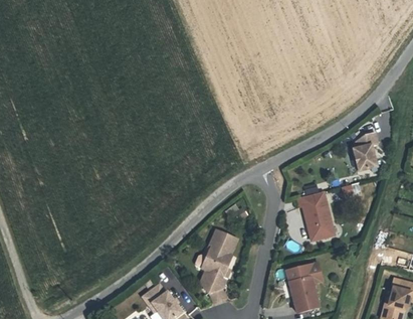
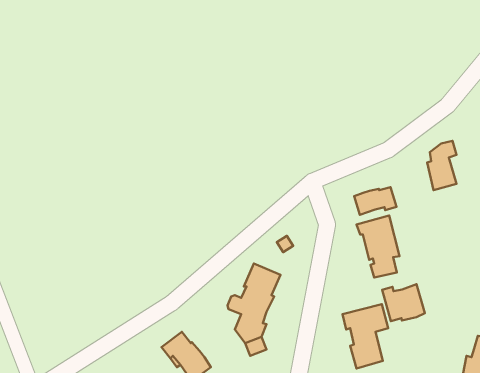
building: none -> [354,187,396,215]
building: none -> [382,284,425,321]

